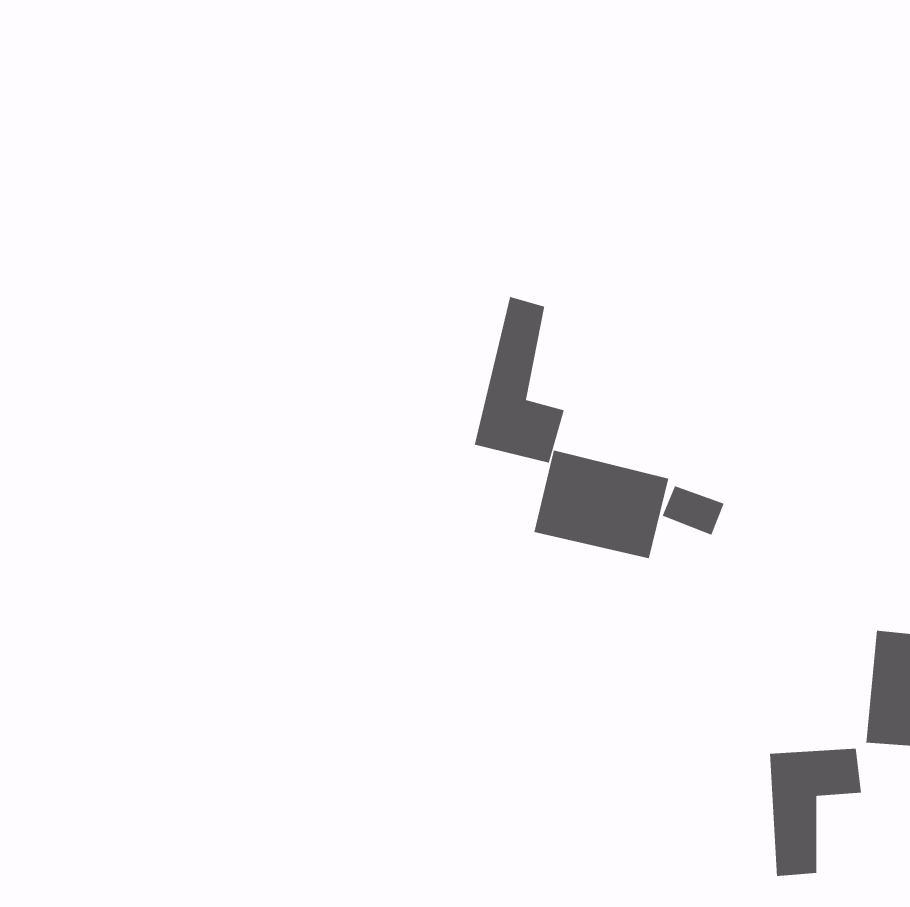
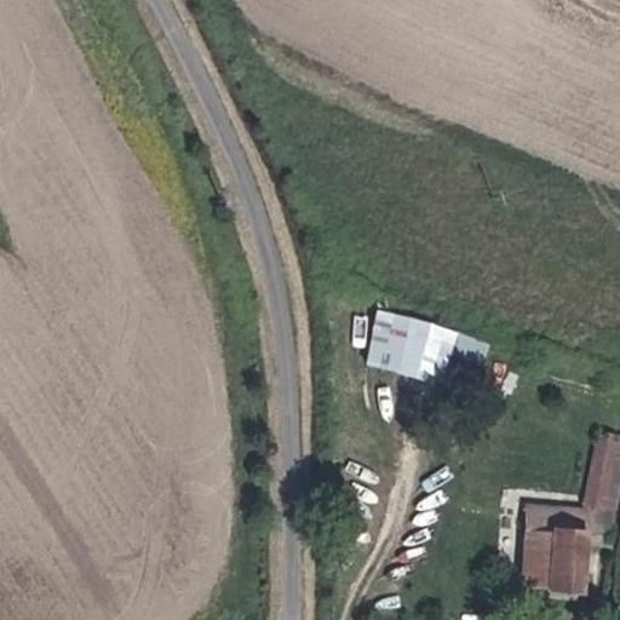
building: [474,296,565,464] -> none
building: none -> [556,541,589,596]

